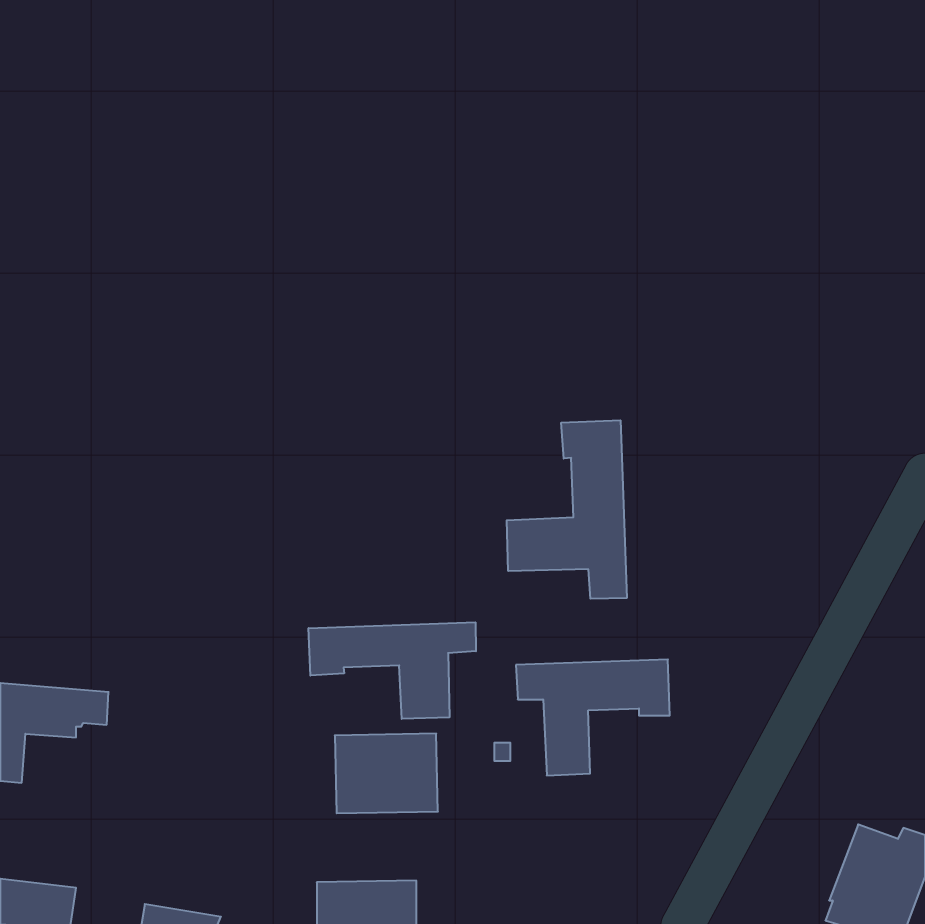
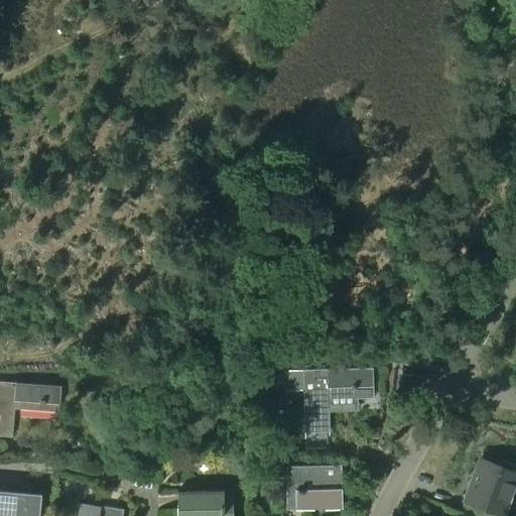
building: [507,420,627,599] -> none
building: [309,622,476,719] -> none
building: [335,734,438,813] -> [284,466,342,510]

